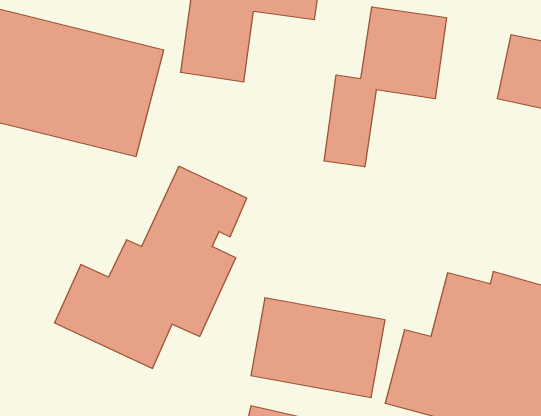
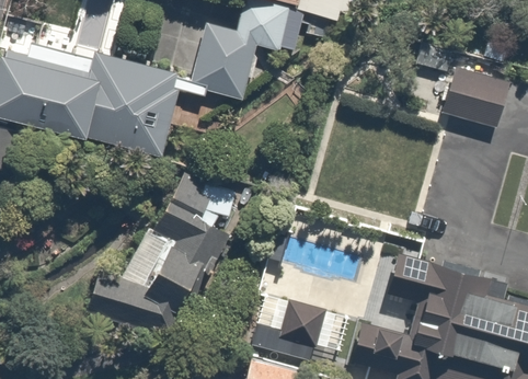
building: [324,7,446,167] -> none

